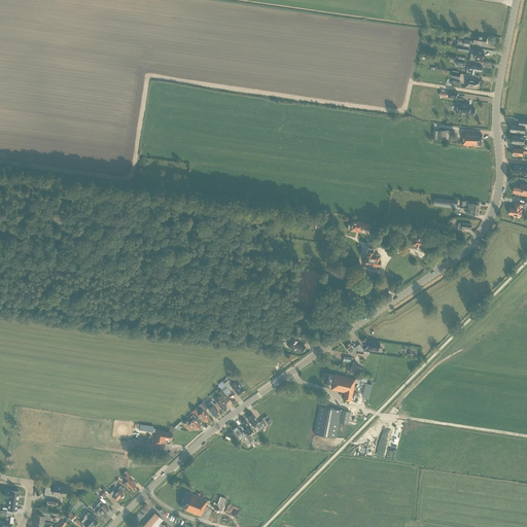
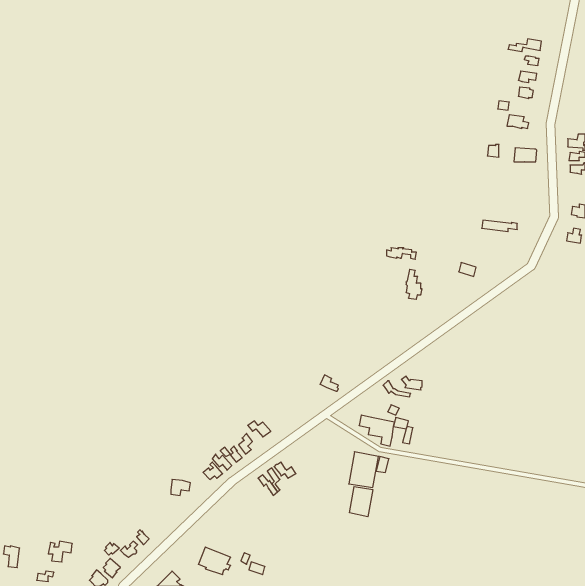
building: none -> [350,487,373,517]

